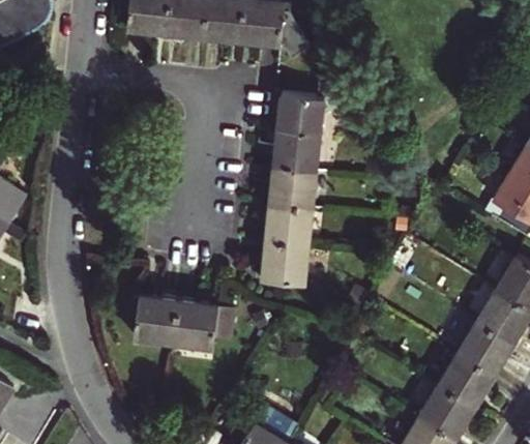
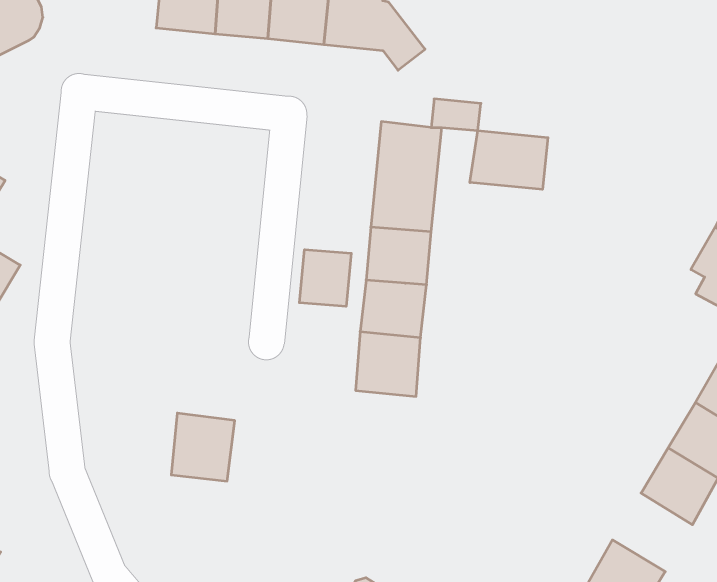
building: none -> [470,131,548,189]
building: none -> [299,250,351,306]
building: [175,301,237,347] -> none
building: [439,351,494,405] -> none

